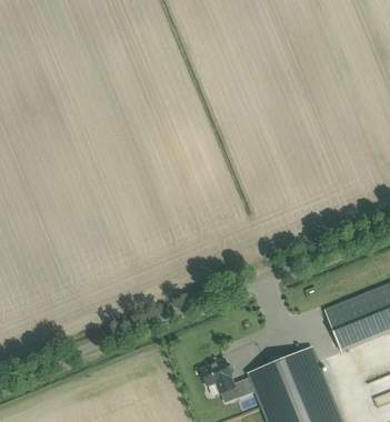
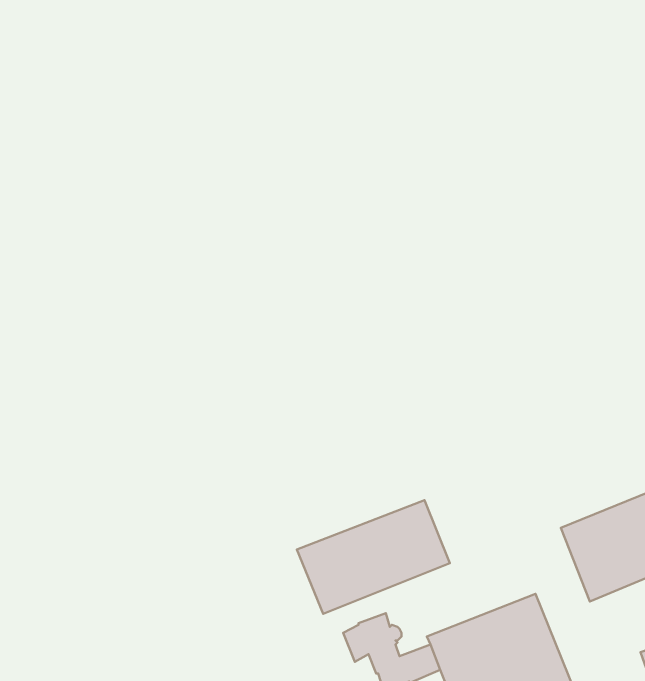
building: none -> [297,500,450,614]

